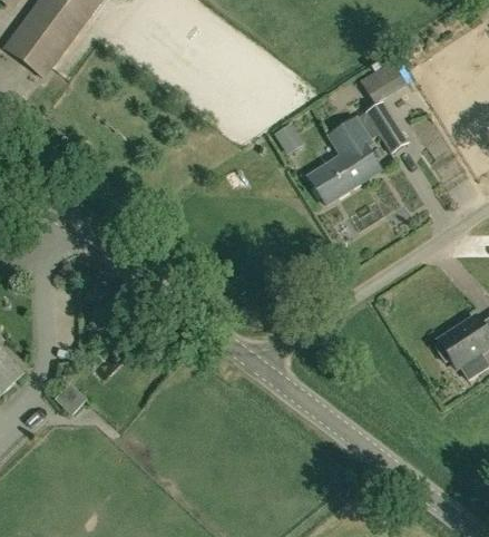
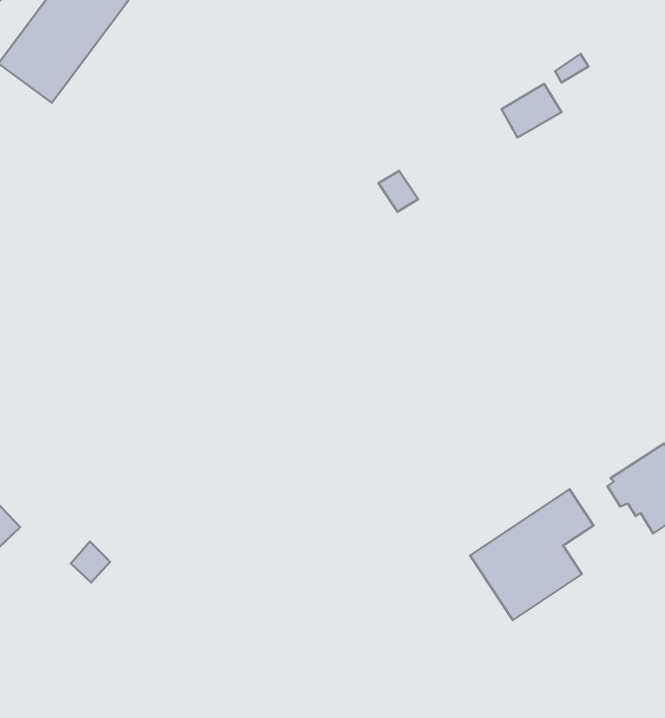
building: [309,100,408,201] -> none
building: none -> [470,489,593,620]

